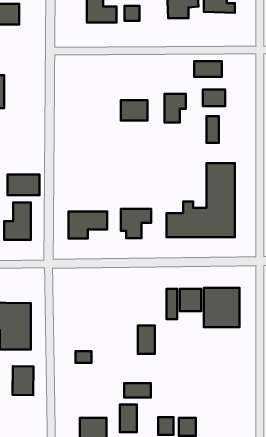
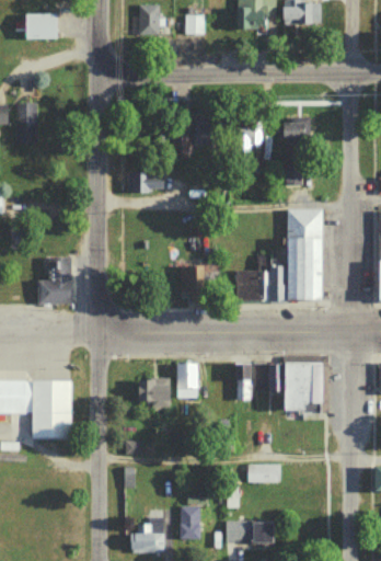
building: [194,61,222,77] -> none
building: none -> [139,172,164,193]
building: [8,175,40,195] -> none
building: [68,212,107,239] -> none
building: none -> [138,380,170,404]
building: [138,325,155,354] -> [177,364,198,399]
building: [13,366,34,395] -> none
building: [124,383,151,398] -> [249,465,281,482]

